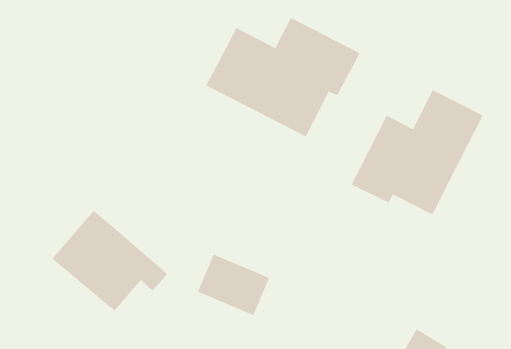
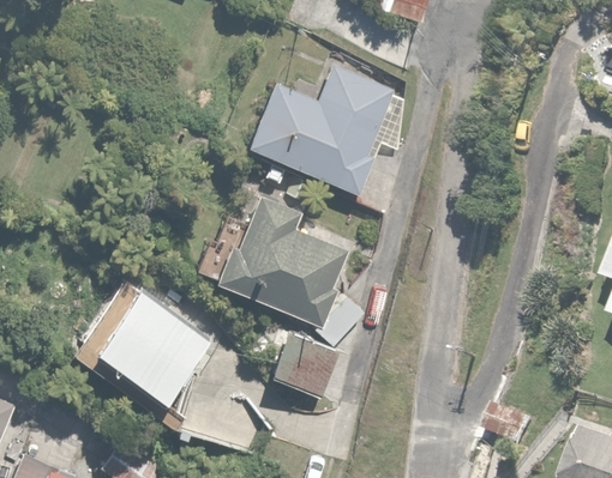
building: [351,89,484,215] -> none
building: none -> [191,192,364,345]

